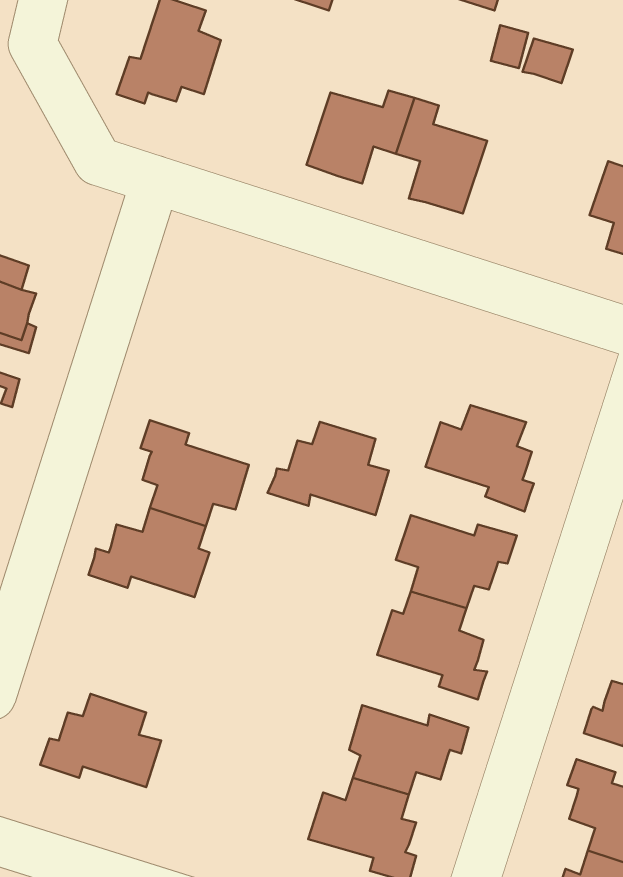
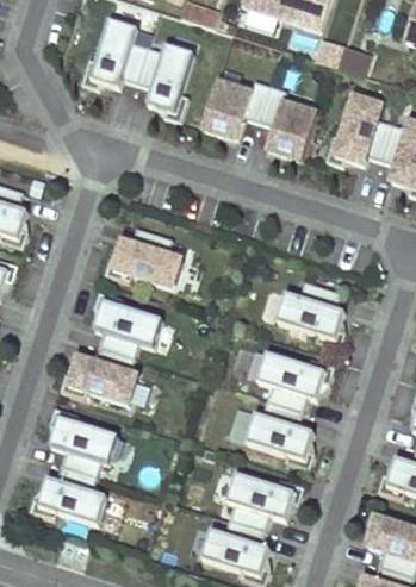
building: none -> [134,42,191,118]
building: none -> [325,94,392,163]
building: [268,422,389,515] -> [104,226,181,286]
building: none -> [49,405,118,475]

